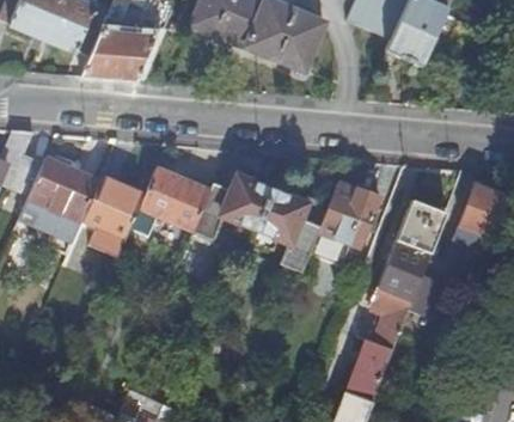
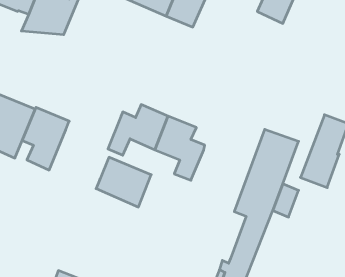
building: [139,164,210,228] -> [96,157,151,207]
building: [318,178,380,246] -> none

